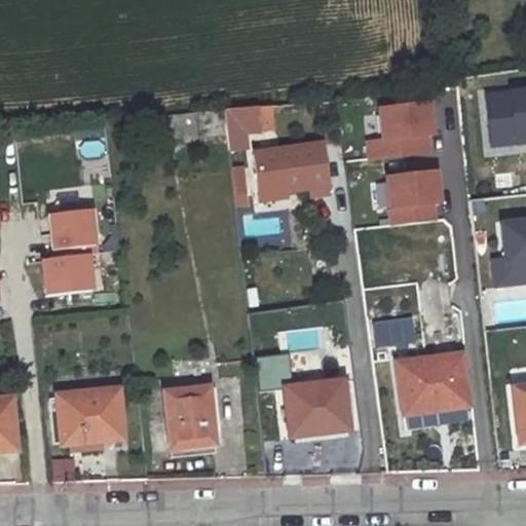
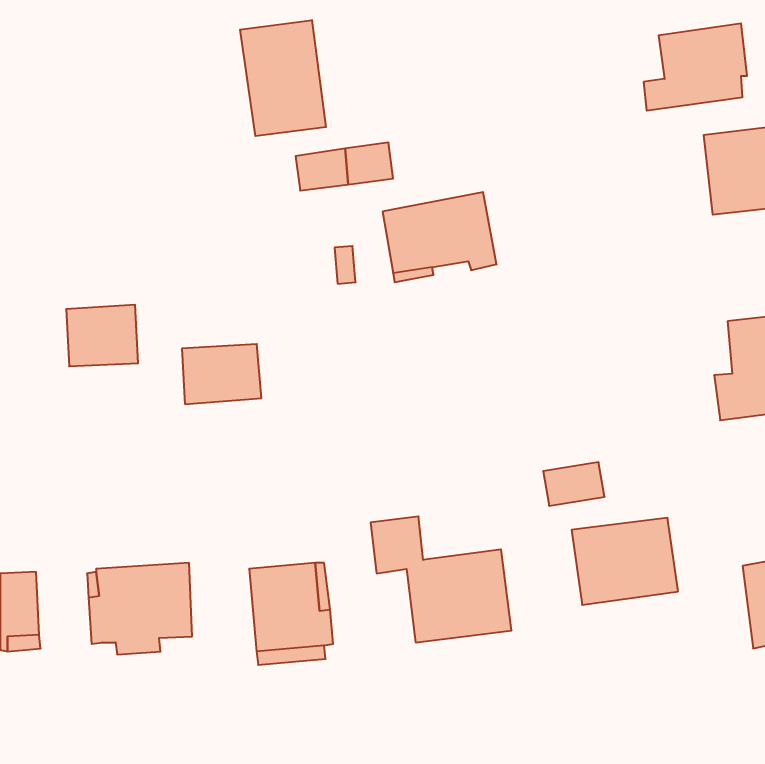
building: none -> [240,20,326,136]
building: [365,101,436,160] -> [644,23,747,111]
building: [382,170,444,224] -> none
building: [38,254,92,295] -> [182,344,261,404]

